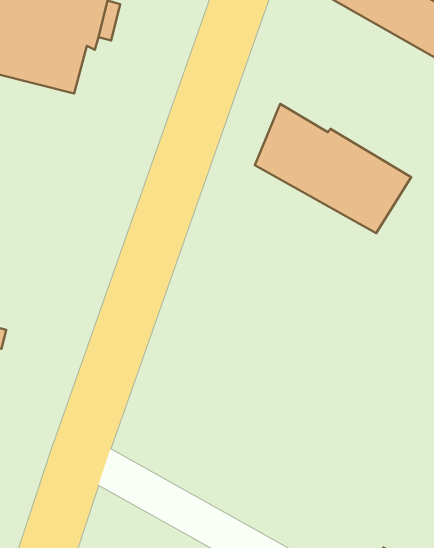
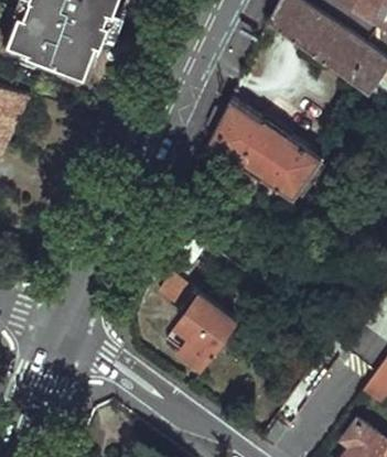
building: none -> [166,290,235,371]

